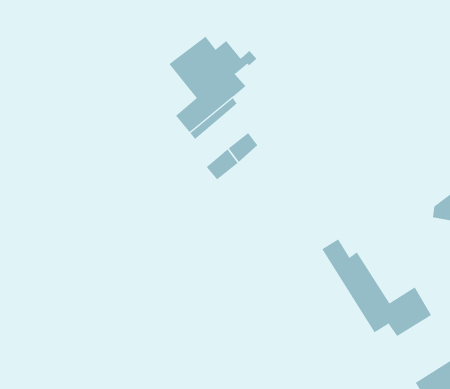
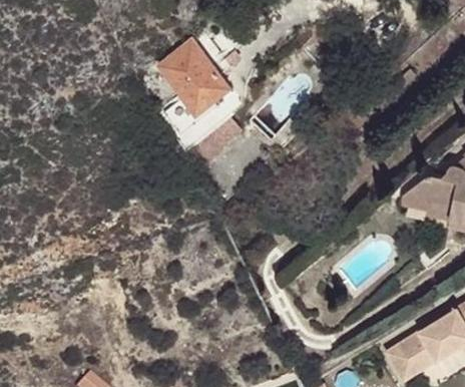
building: [321,238,432,337] -> none

